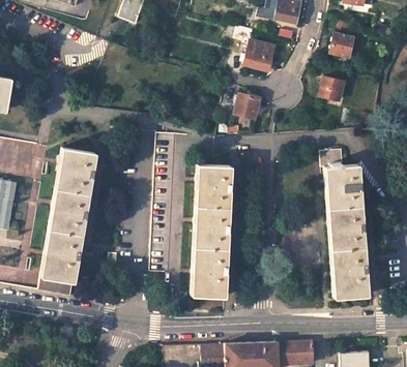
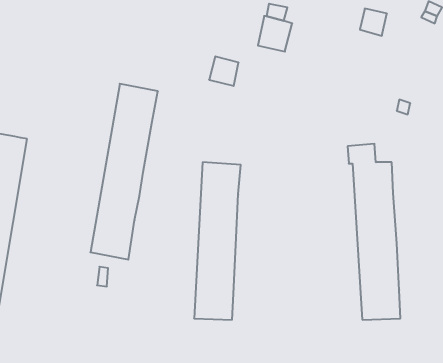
building: [320,78,345,100] -> none
building: [236,94,261,119] -> [209,56,239,86]
building: [40,146,97,294] -> [90,84,158,260]

